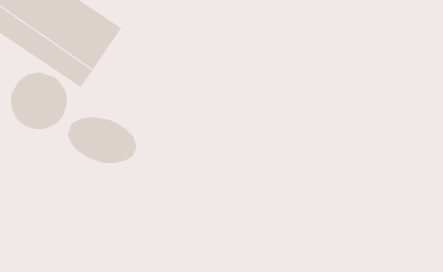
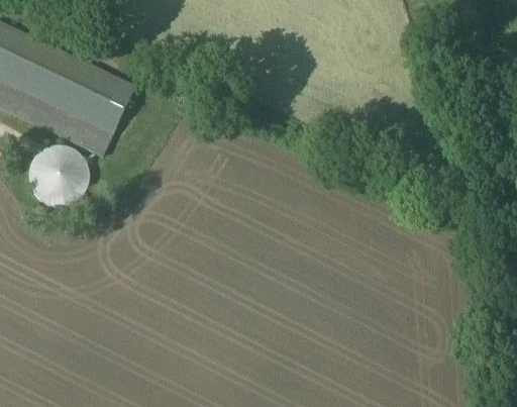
building: [67,117,137,164] -> none

